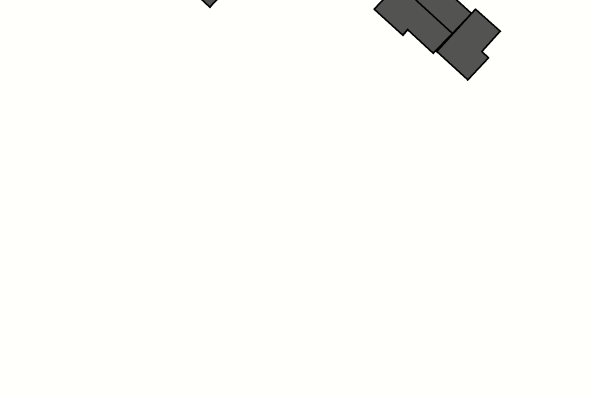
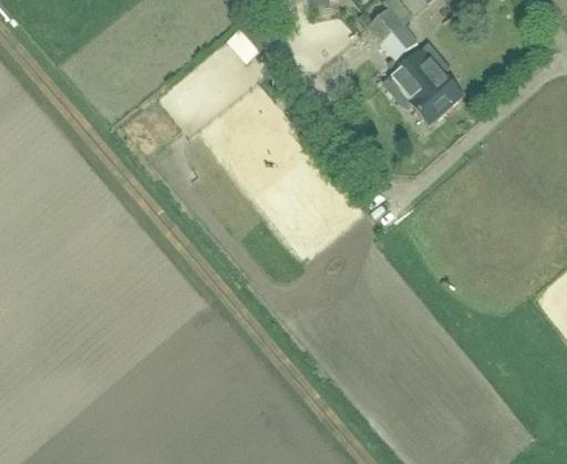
building: [437,9,500,80] -> none

